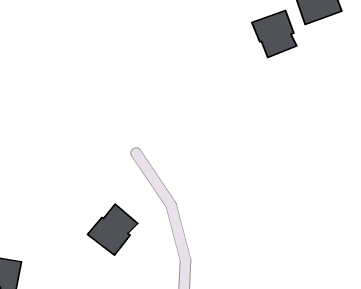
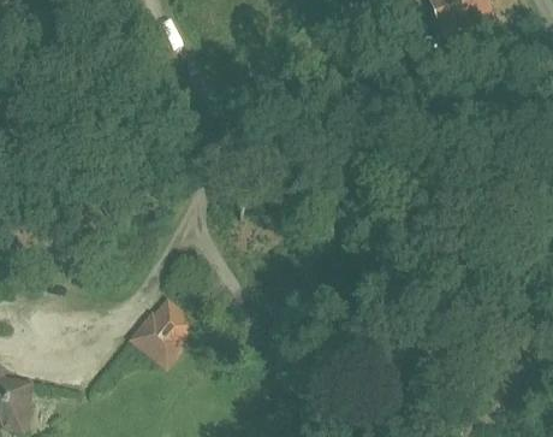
building: [252,11,297,57] -> none

